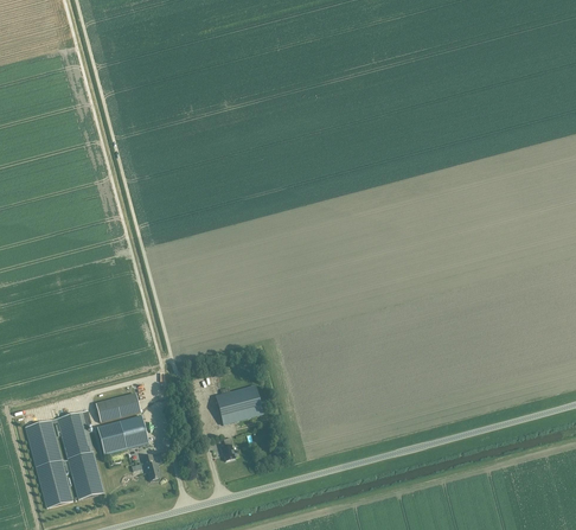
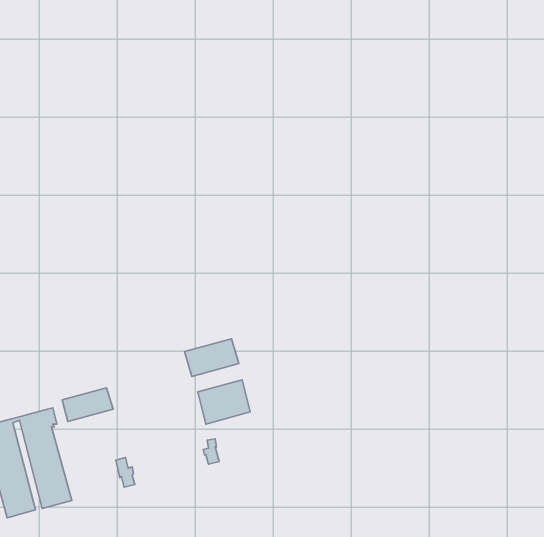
building: none -> [184,339,239,376]
building: [97,416,148,454] -> none

